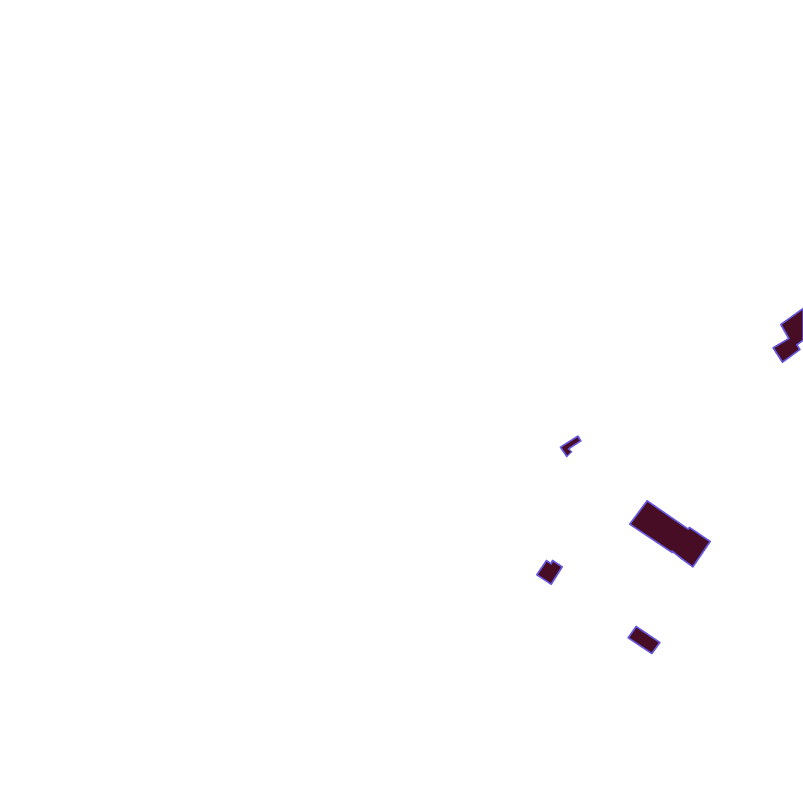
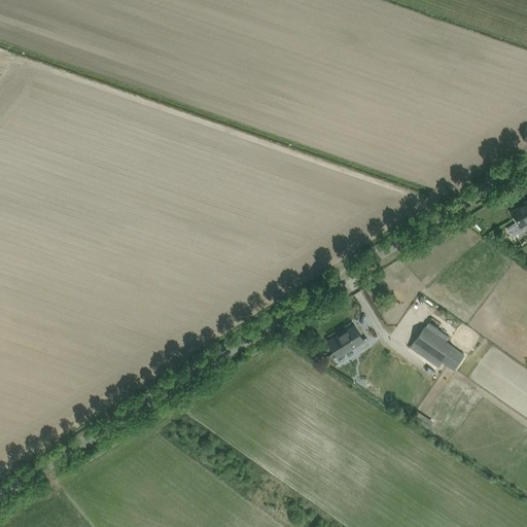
building: none -> [327,326,363,358]

